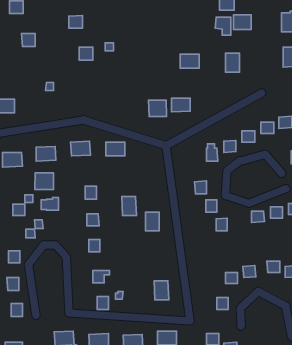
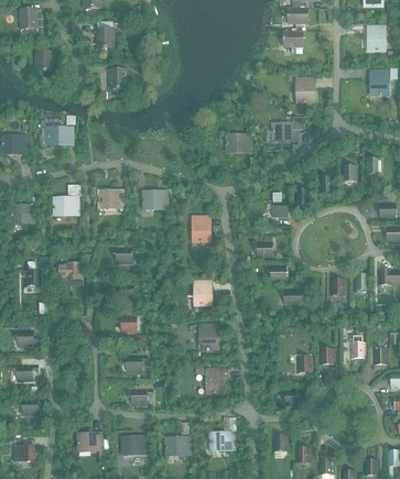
building: [233,15,251,30] -> none
building: [180,54,199,68] -> [273,122,298,140]
building: none -> [41,120,73,144]
building: [149,100,167,117] -> none
building: [35,173,54,189] -> none
building: [122,197,136,216] -> [192,216,210,240]
building: none -> [199,324,217,348]

